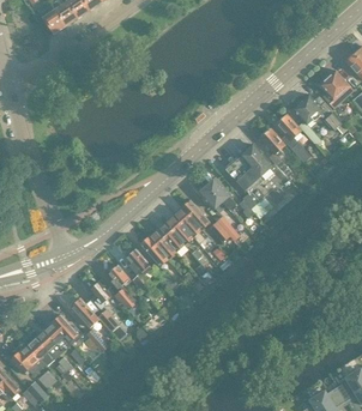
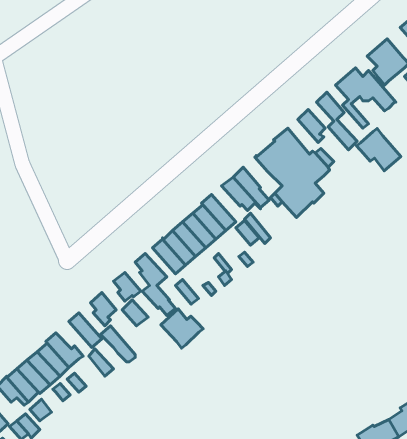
building: none -> [356,129,401,171]
building: none -> [161,309,203,348]

